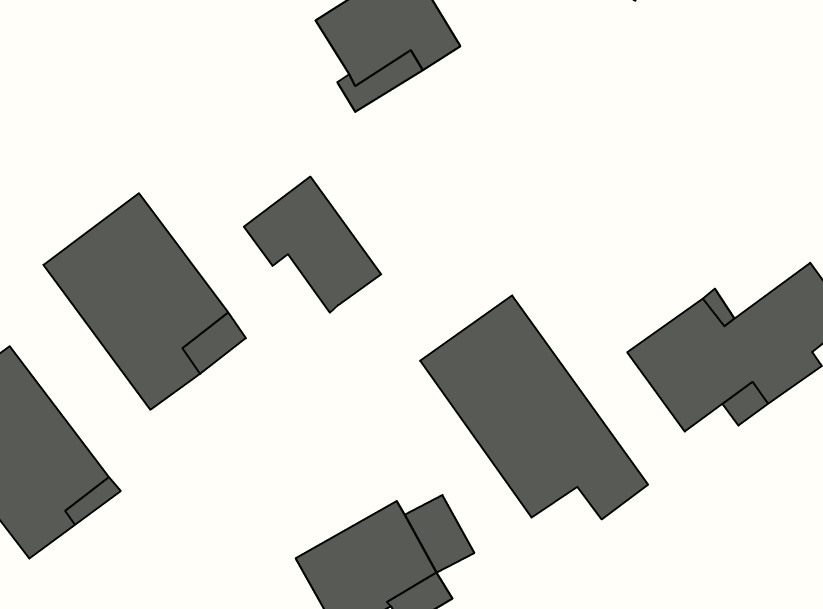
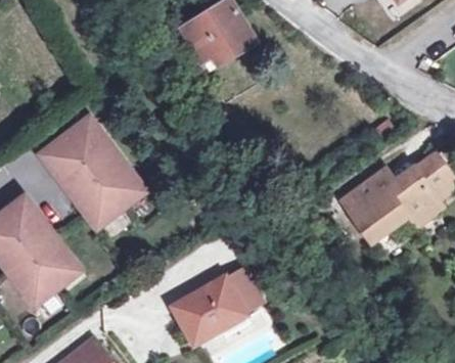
building: [244,177,381,313] -> none
building: [420,295,648,519] -> none

